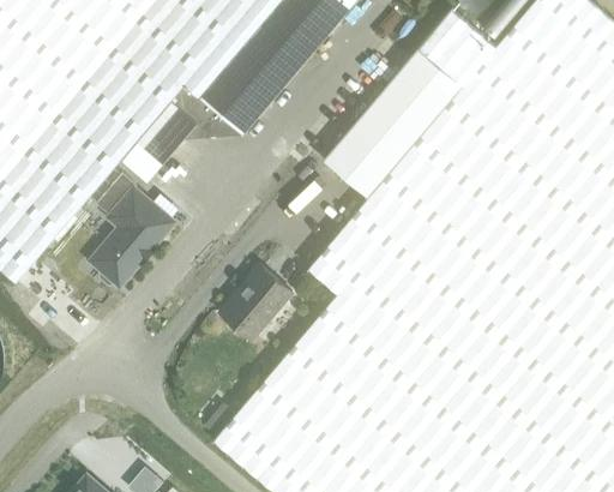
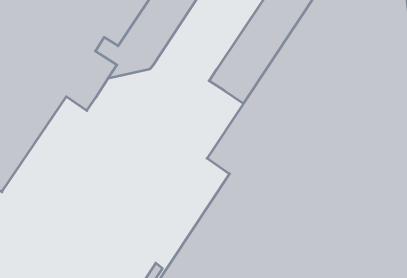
building: [91,173,175,286] -> none
building: [221,264,293,340] -> none

